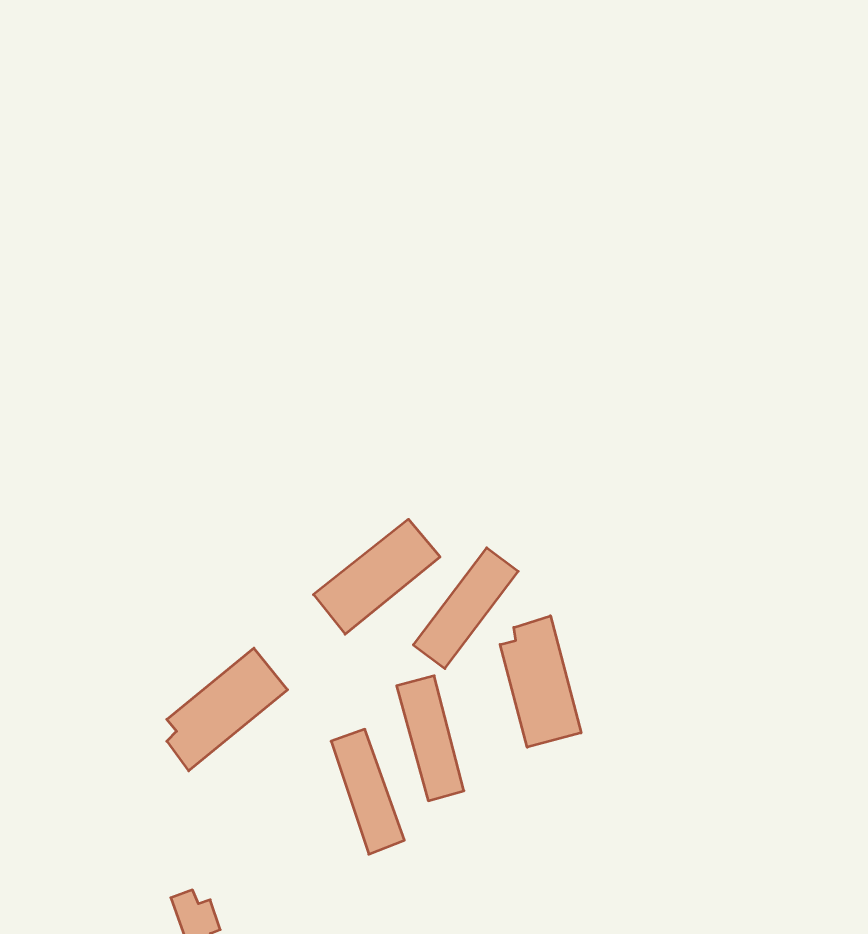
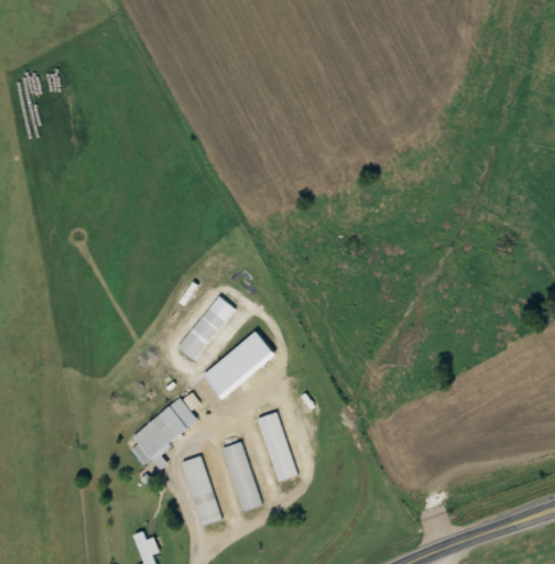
building: [413,548,518,669] -> [176,295,235,362]
building: [500,616,581,747] -> none
building: none -> [182,456,219,525]

